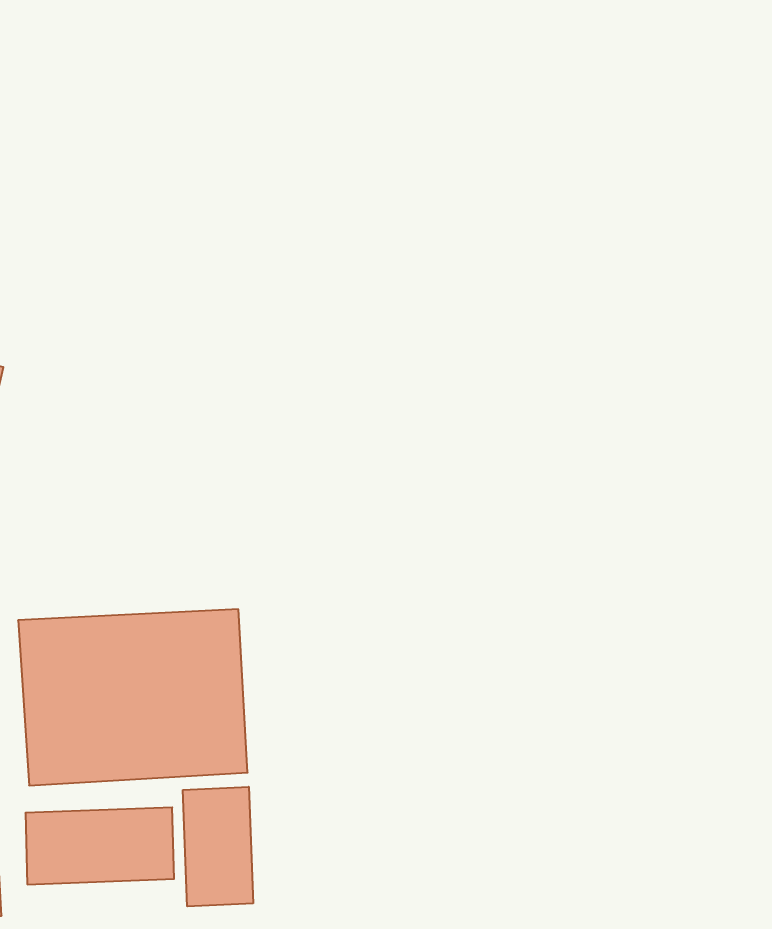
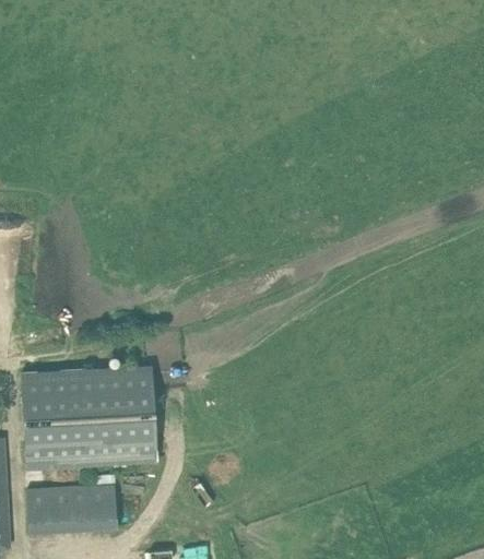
building: [183,787,253,906] -> none

